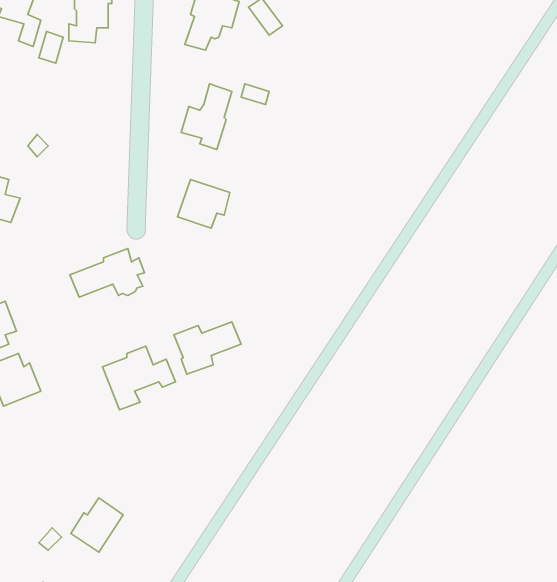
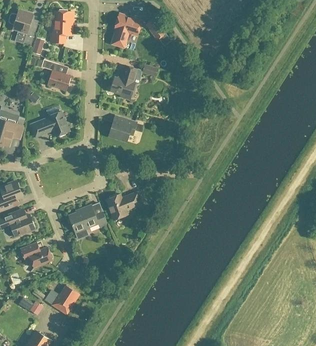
building: none -> [41,58,71,90]
building: [70,249,145,297] -> [30,110,70,136]
building: none -> [20,242,52,266]

